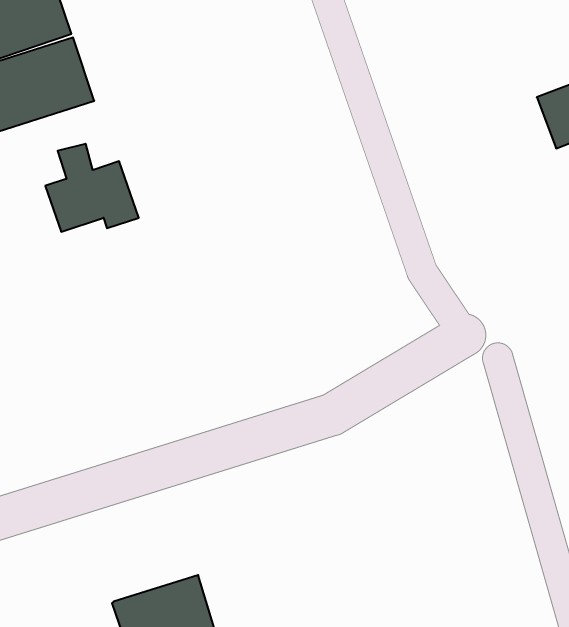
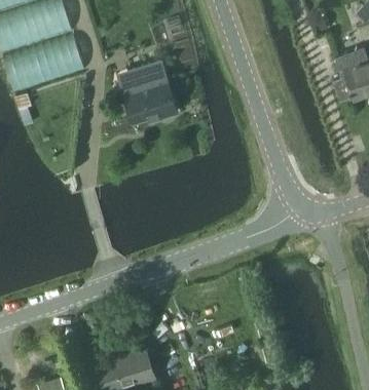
building: [45,144,139,232] -> [122,68,177,119]

